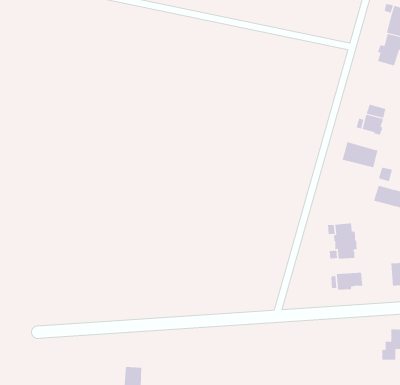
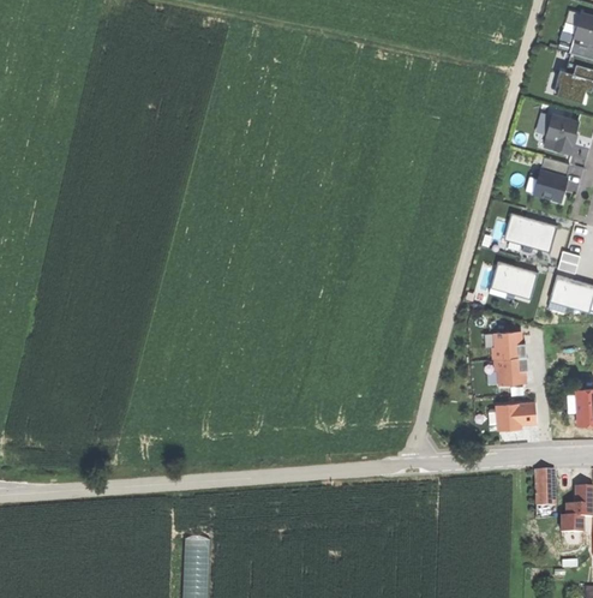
building: none -> [544,114,579,155]
building: none -> [492,261,538,298]
building: none -> [537,471,555,506]

